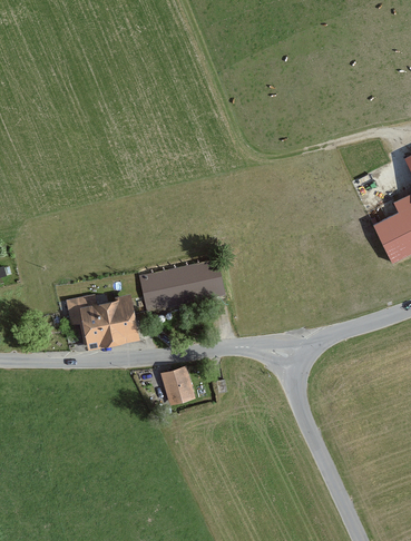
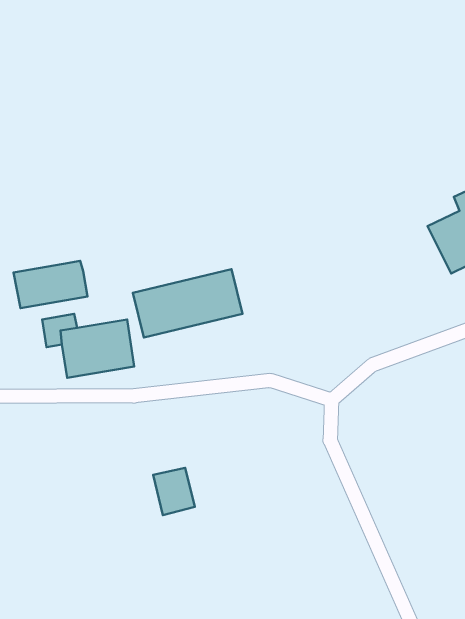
building: none -> [14,261,87,308]
building: [160,366,194,404] -> [153,468,195,515]

